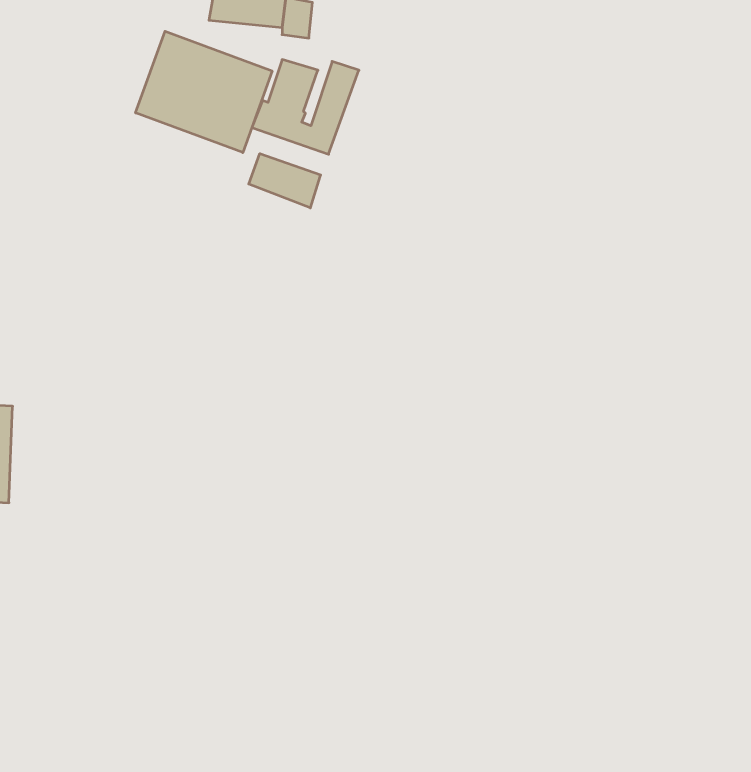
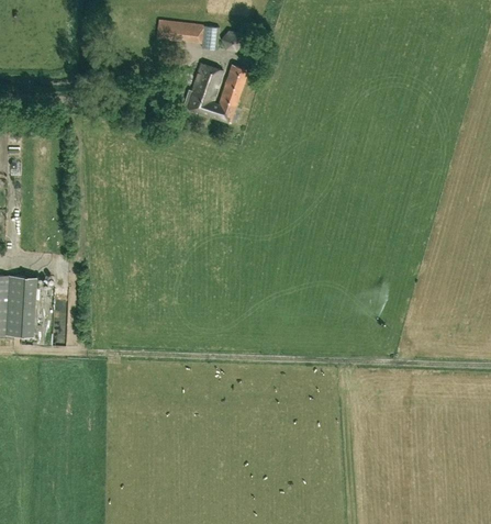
building: [136,31,272,153] -> none
building: [249,154,321,208] -> none

